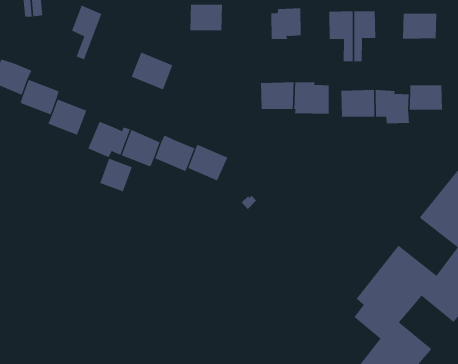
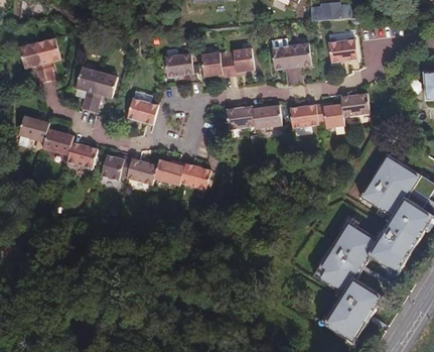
building: none -> [202,52,230,77]
building: none -> [89,72,115,110]
building: [100,158,132,192] -> none

